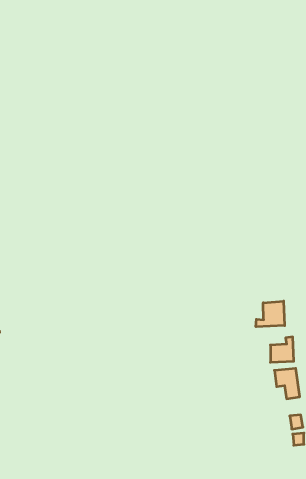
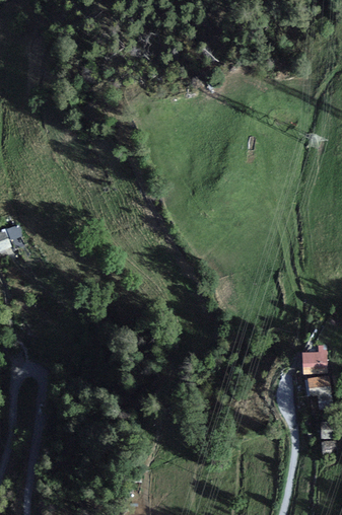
building: [256,301,285,327] -> none

